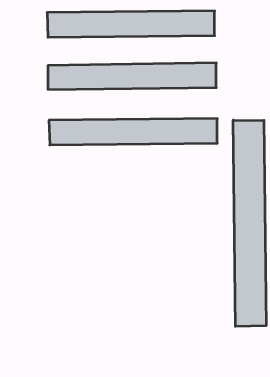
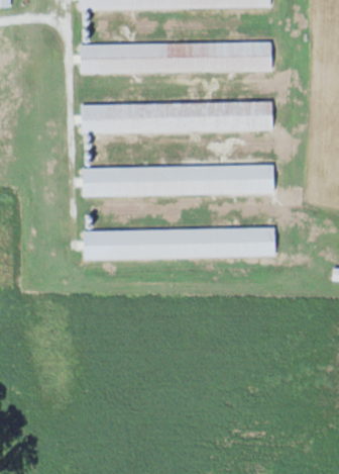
building: [233,120,266,326] -> none
building: none -> [84,227,275,259]

